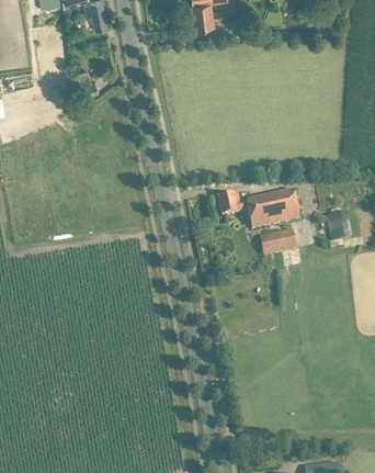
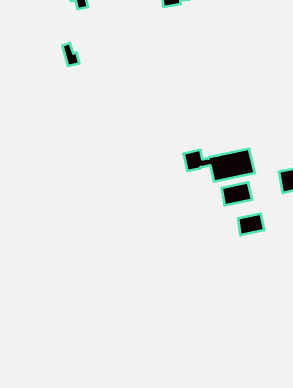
building: none -> [238,214,264,235]

